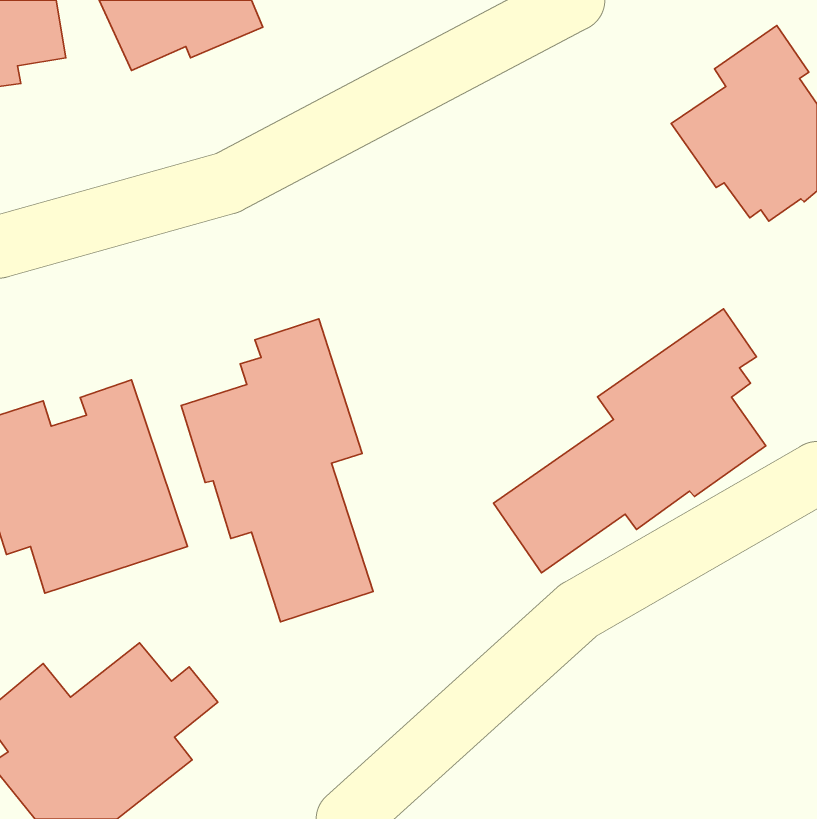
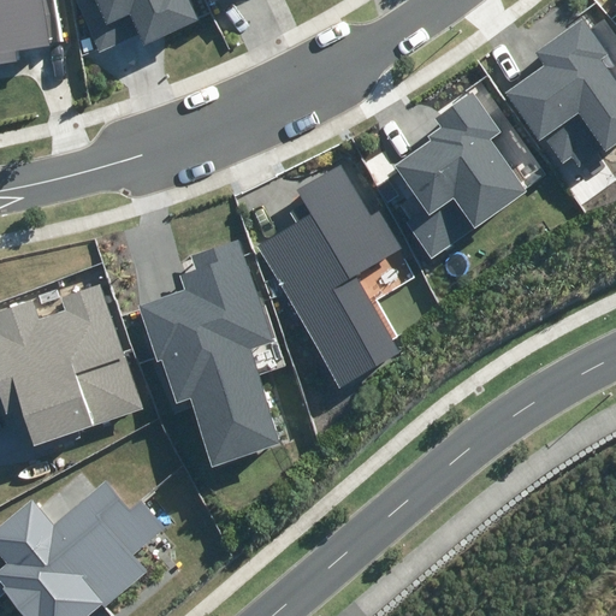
building: none -> [393,93,527,259]
building: none -> [256,159,404,389]
building: [493,309,766,573] -> none

